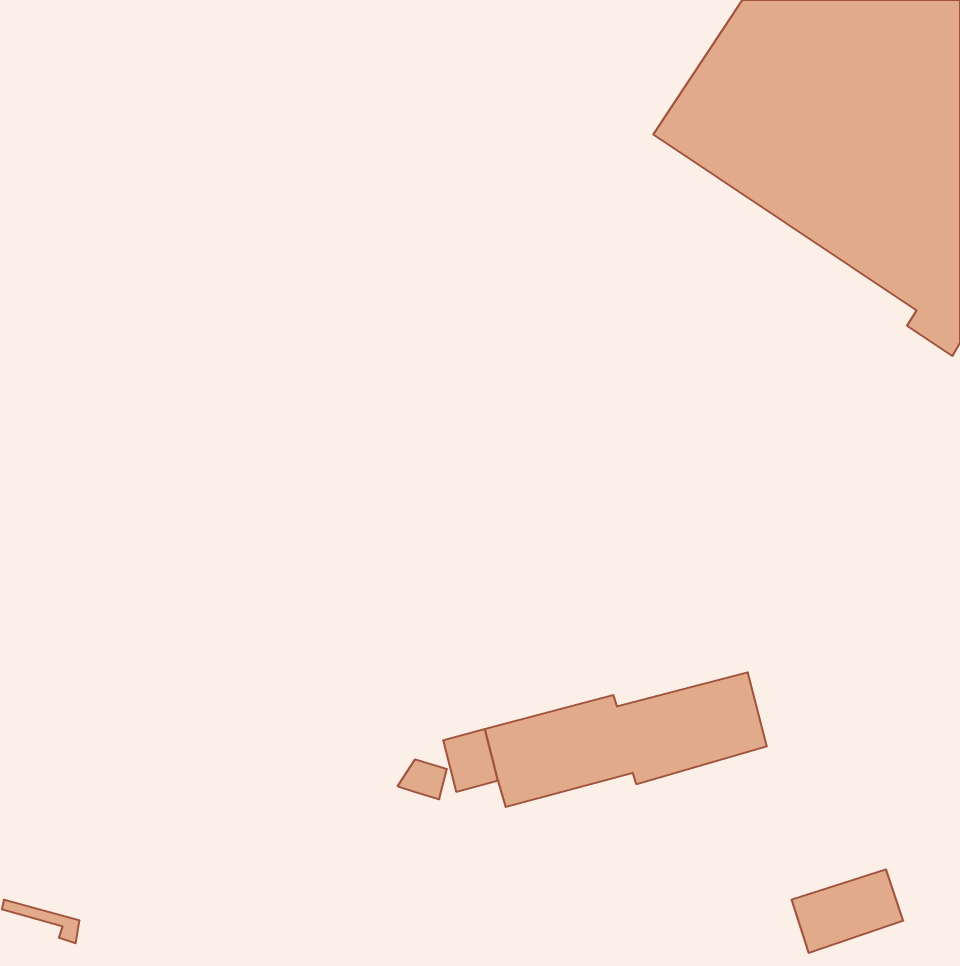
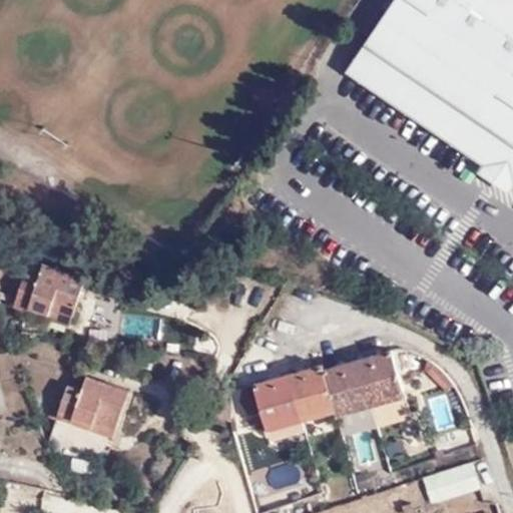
building: none -> [16,263,90,327]
building: none -> [58,375,134,439]

